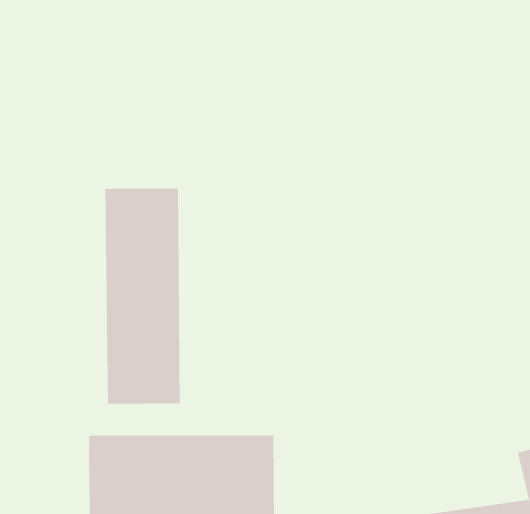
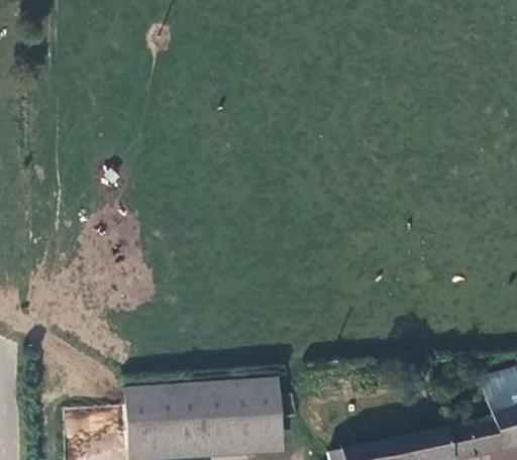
building: [105,188,180,404] -> none

